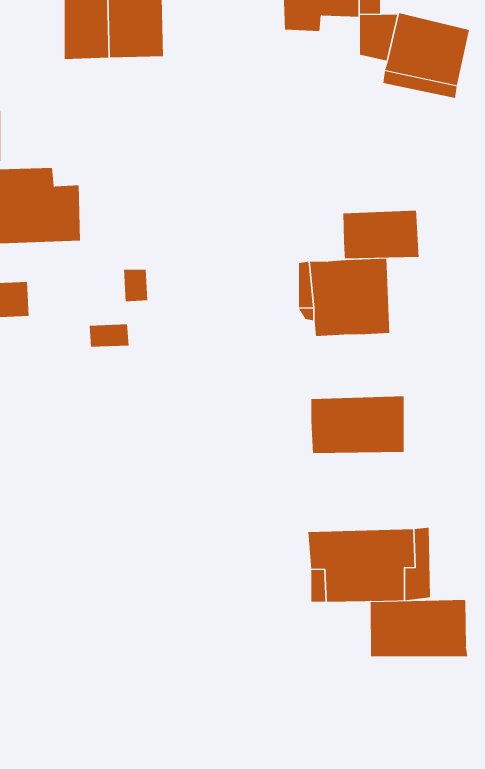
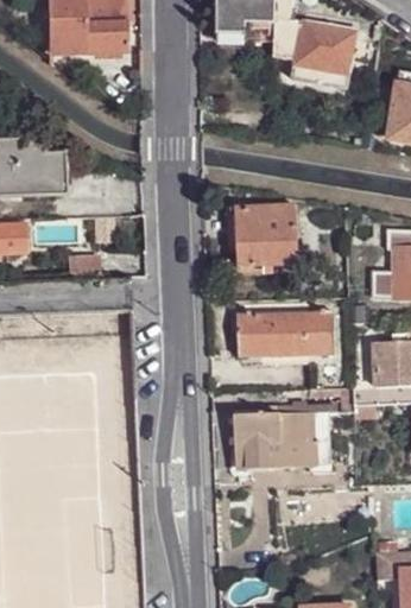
building: [343,210,419,259] -> none
building: none -> [309,310,335,353]
building: [370,599,468,657] -> none

